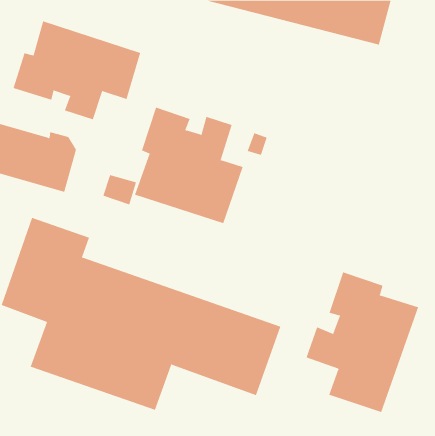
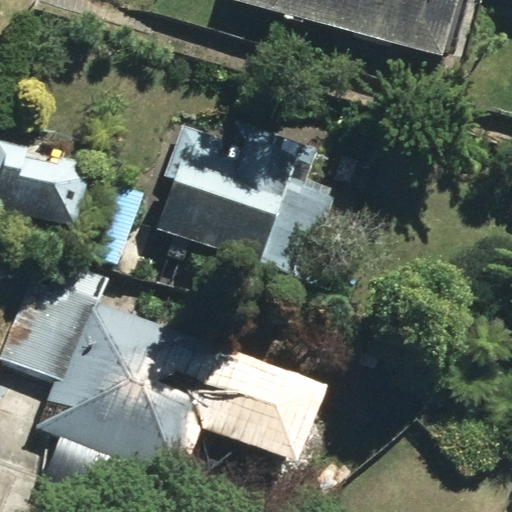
building: [13,21,141,120] -> none
building: [306,272,419,413] -> none

